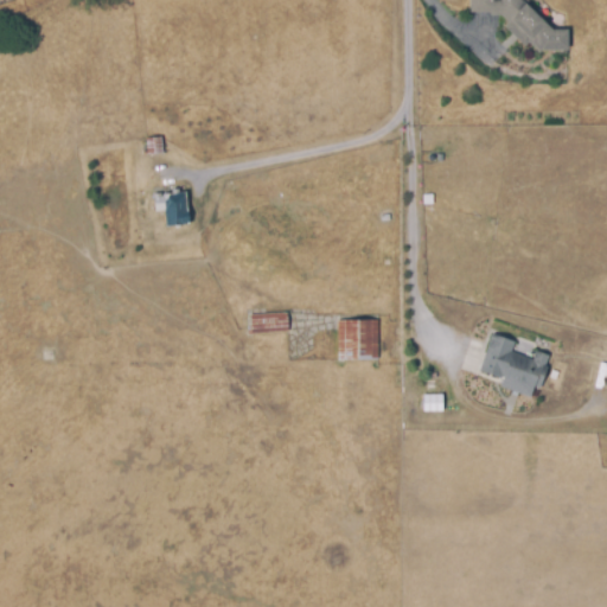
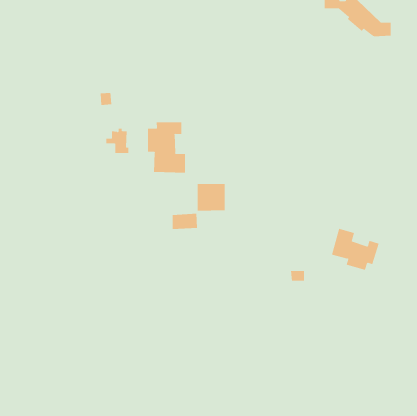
building: none -> [147,122,185,173]
building: [338,318,379,358] -> [197,183,225,211]

